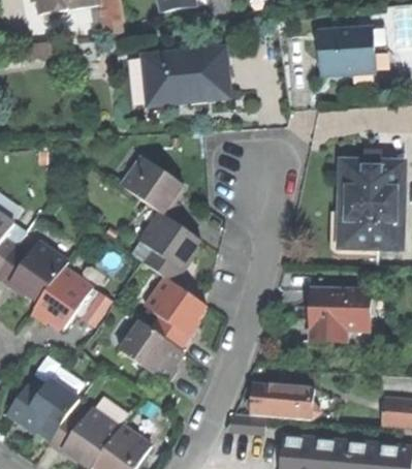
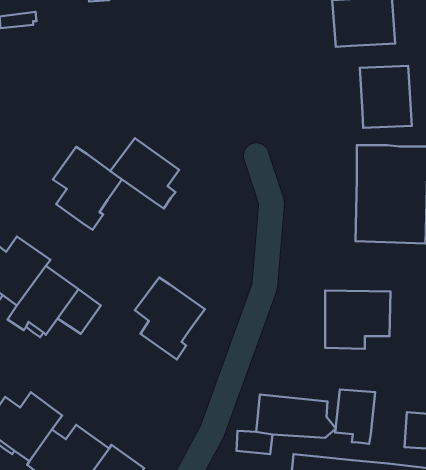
building: [141,48,228,104] -> none
building: none -> [360,66,412,128]
building: [138,210,199,283] -> [53,147,122,230]
building: [118,320,180,384] -> none
building: none -> [335,389,375,444]

